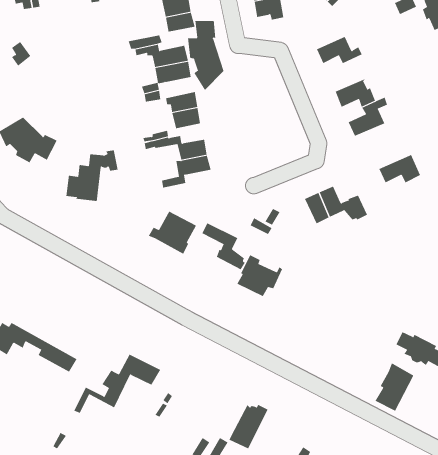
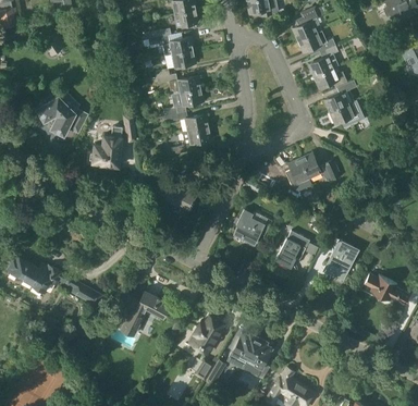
building: none -> [293,8,322,41]
building: [188,20,224,91] -> none
building: none -> [308,46,339,76]
building: [378,154,421,183] -> [330,101,365,125]
building: [202,223,245,270] -> none
building: none -> [275,231,318,268]
building: [374,362,414,411] -> [325,239,358,280]
building: none -> [194,317,224,354]
building: none -> [247,337,273,370]

